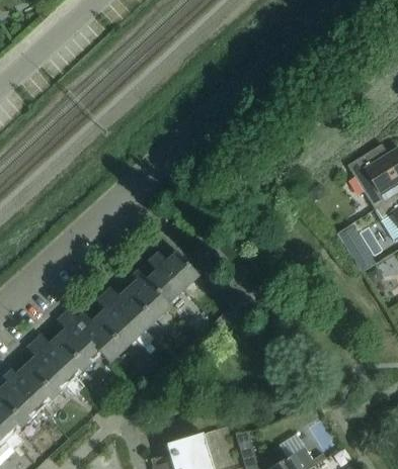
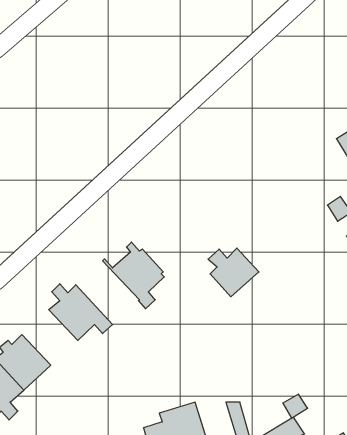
building: [147,250,198,299] -> [208,248,259,297]
building: [81,288,153,353] -> none
building: [26,334,84,394] -> none

